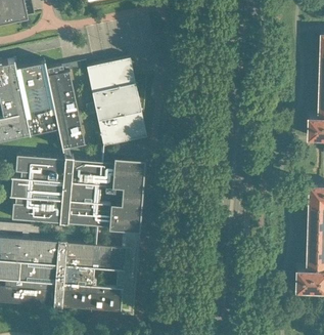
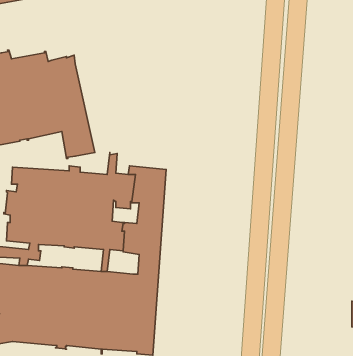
building: [67,56,146,145] -> none

